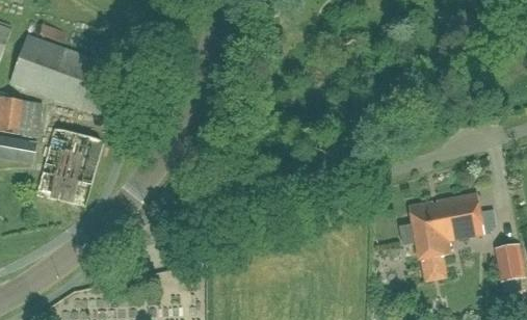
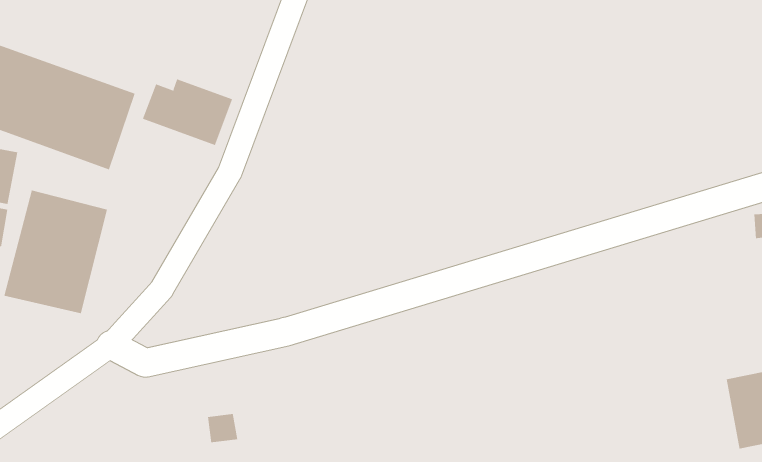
building: none -> [142,79,233,146]
building: [399,193,482,283] -> none

